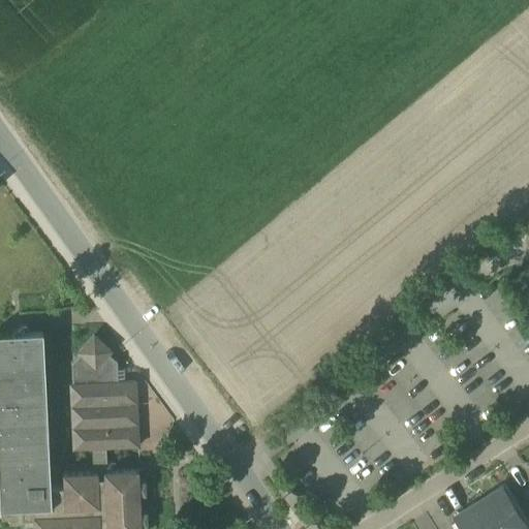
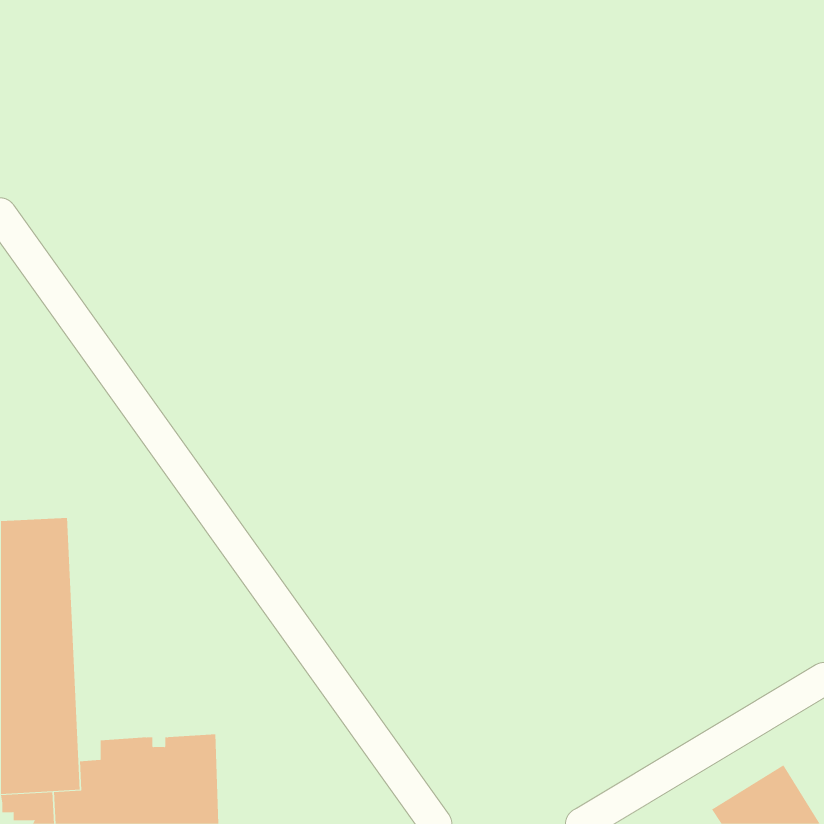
building: [71,335,139,478] -> none

